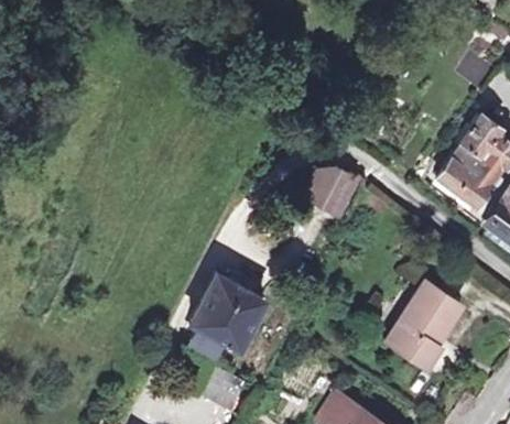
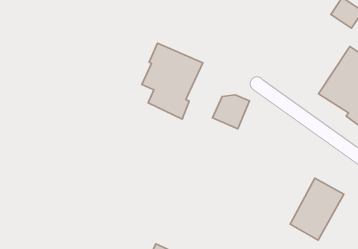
building: none -> [142,43,203,119]
building: [182,275,258,352] -> none

